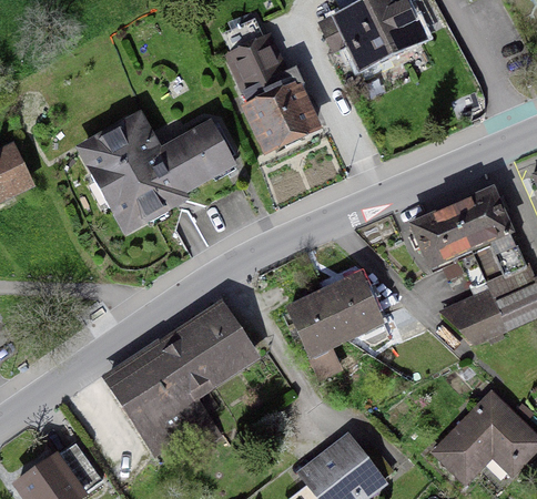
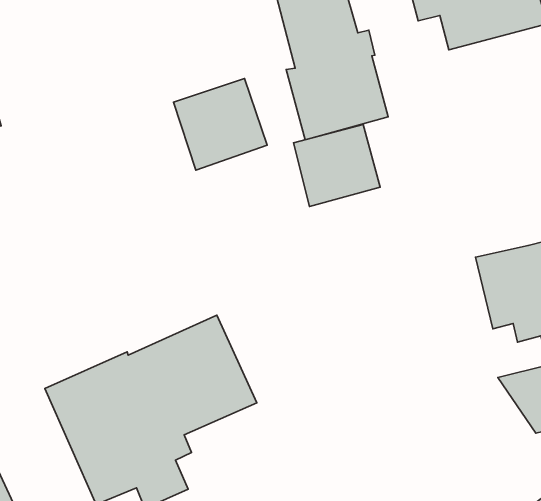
building: [75,111,190,235] -> none
building: none -> [294,125,380,206]
building: [285,272,386,381] -> none

